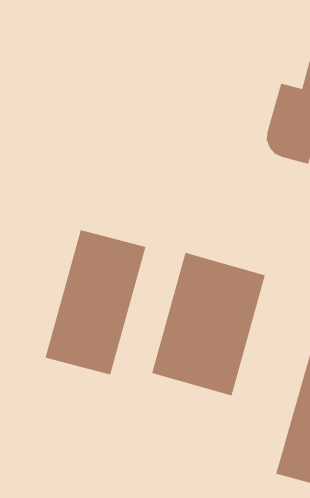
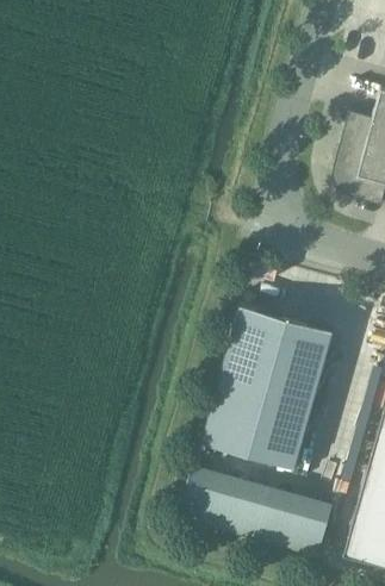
building: [45,229,147,376] -> none
building: none -> [181,466,334,557]

